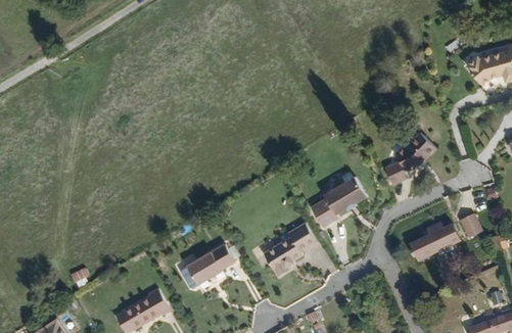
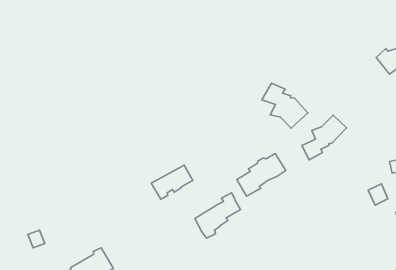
building: none -> [262,83,308,128]
building: [409,220,463,260] -> none
building: [186,242,234,281] -> [151,165,193,199]

